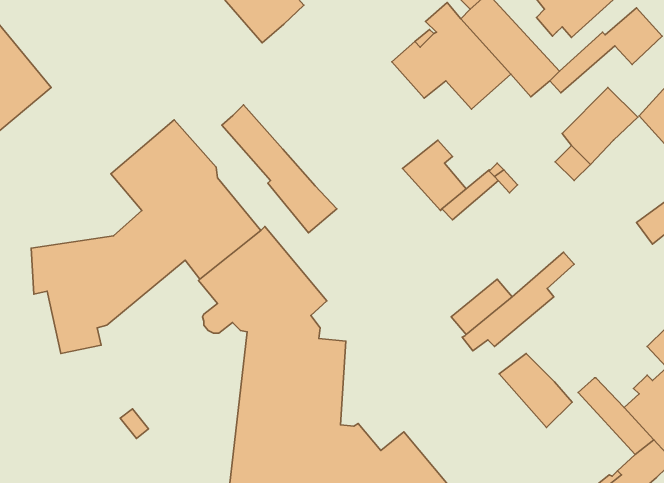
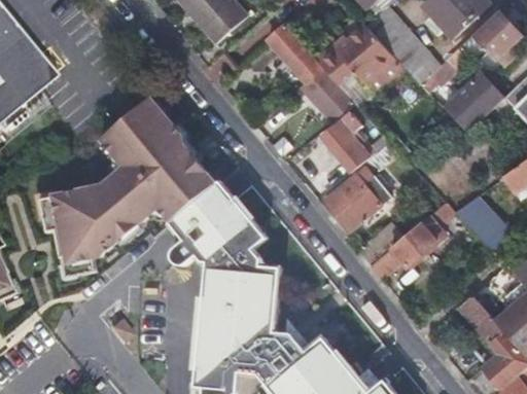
building: [222,105,337,233] -> [269,22,356,119]
building: none -> [322,177,392,234]
building: [499,353,572,428] -> [455,196,511,253]

